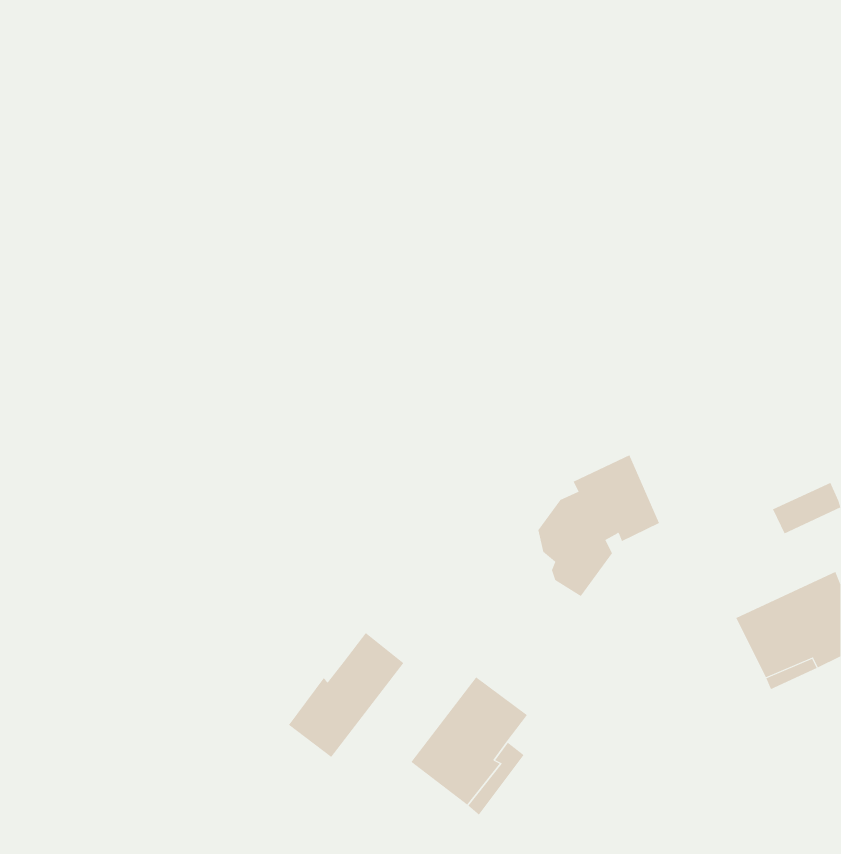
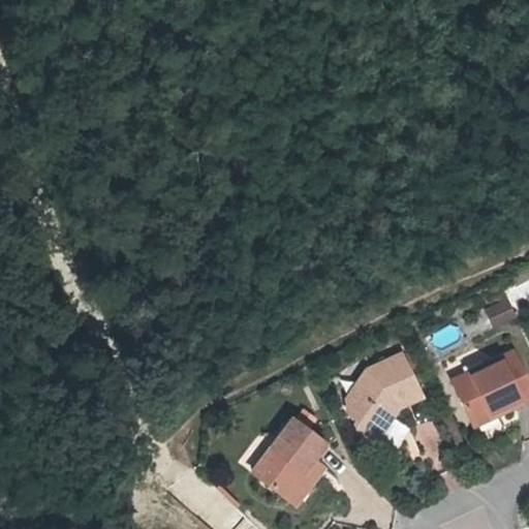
building: [538,455,660,597] -> [347,354,423,442]
building: [288,632,404,758] -> none

